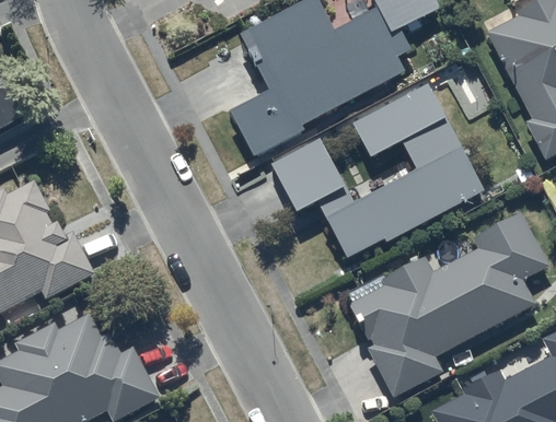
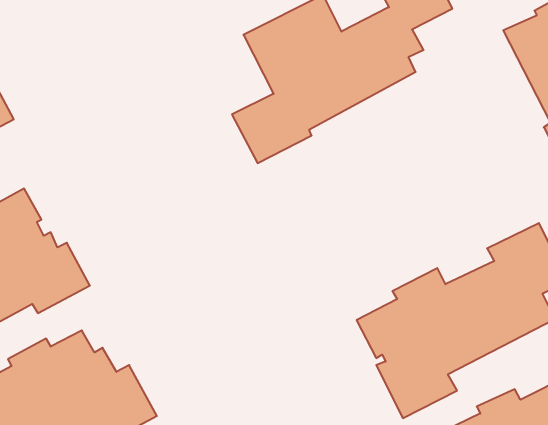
building: [271,85,483,257] -> none

